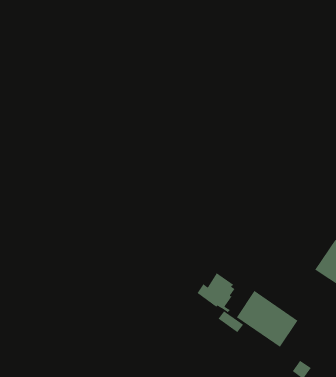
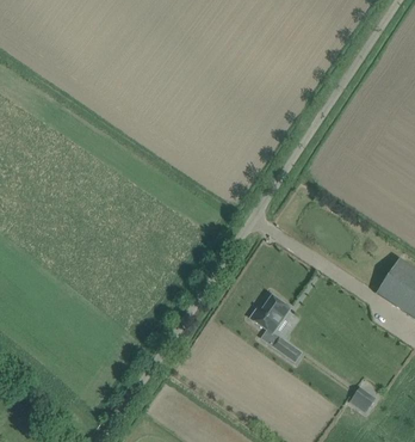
building: [236,290,298,348] -> none

